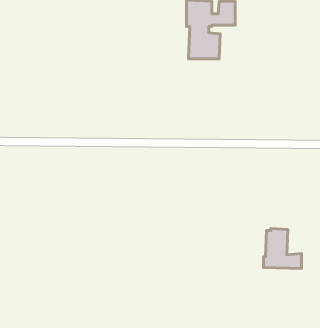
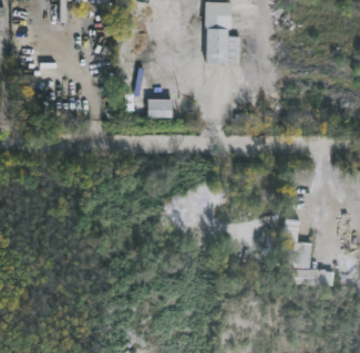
building: none -> [146,98,172,117]

